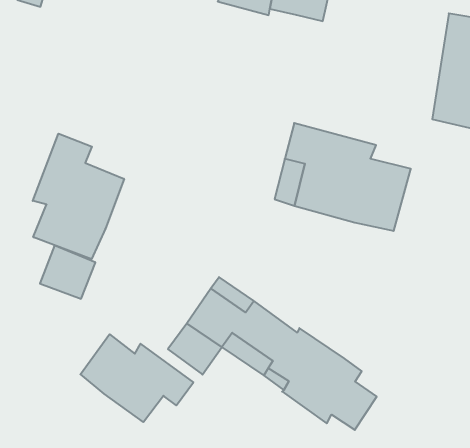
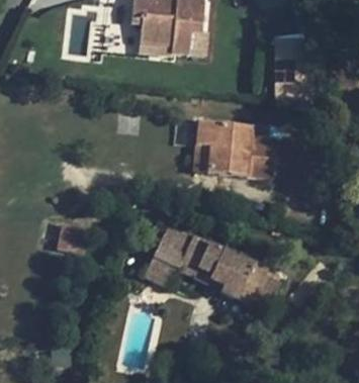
building: [33,134,124,259] -> none
building: [80,334,193,422] -> none

